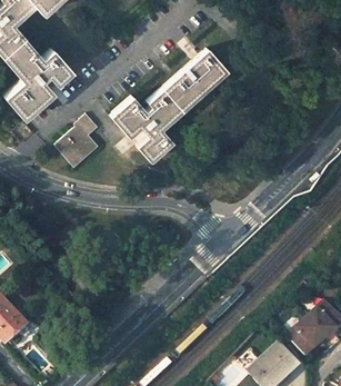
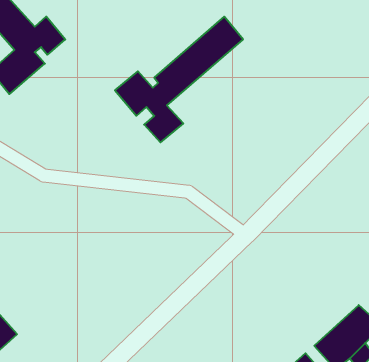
building: [54,113,99,167] -> none

